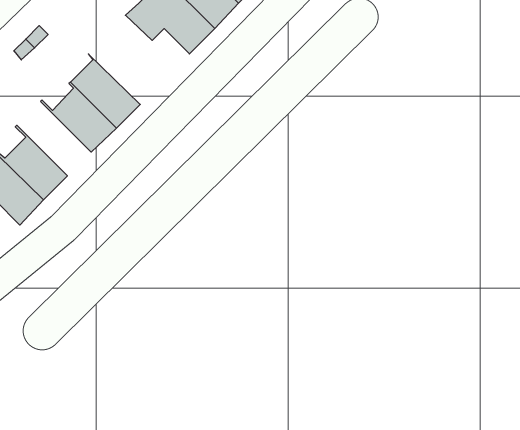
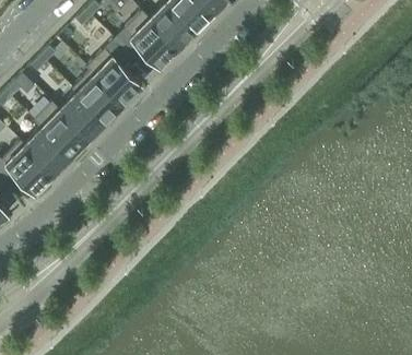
building: none -> [85,42,141,107]
building: none -> [33,105,87,159]

